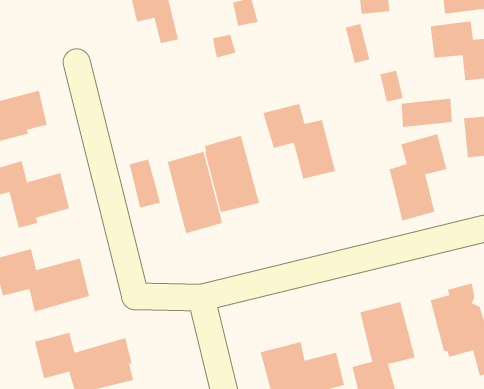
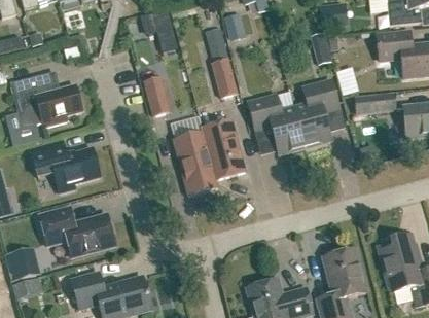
building: none -> [213,59,238,97]
building: [389,133,447,221] -> [294,79,339,147]
building: [129,159,161,208] -> [145,77,170,115]

